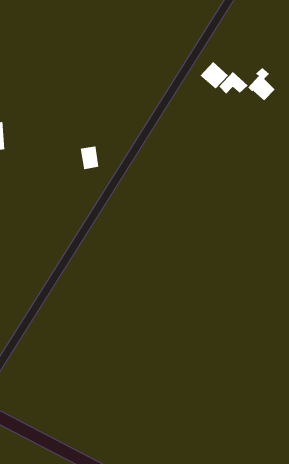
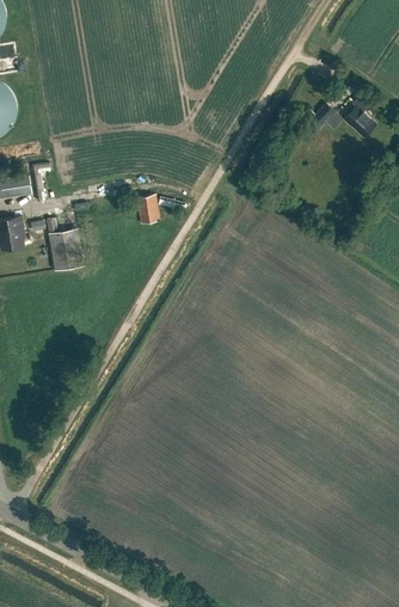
building: [199,61,229,89] -> none
building: none -> [49,228,84,270]

